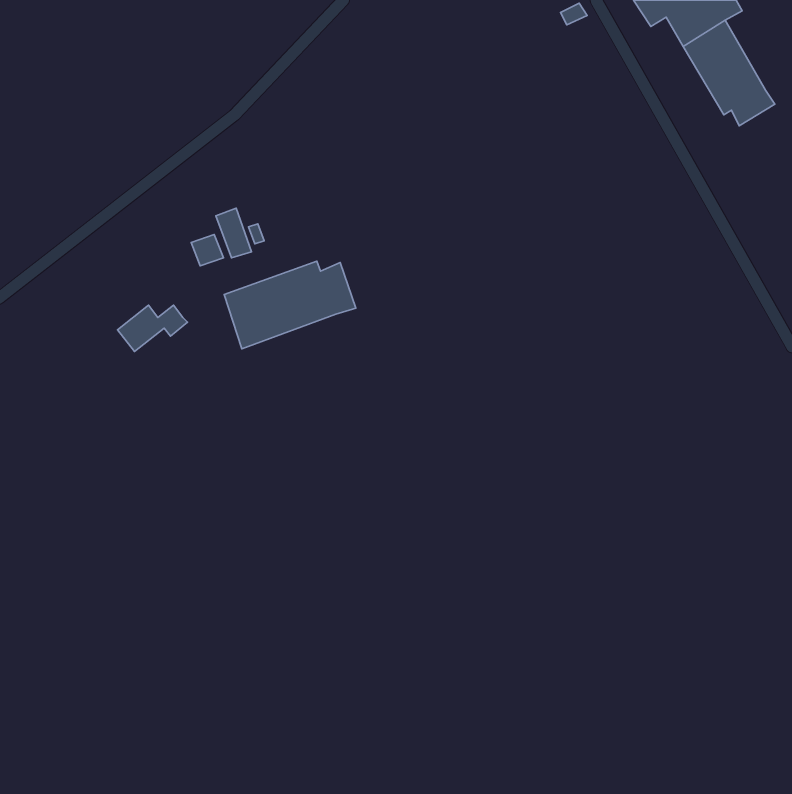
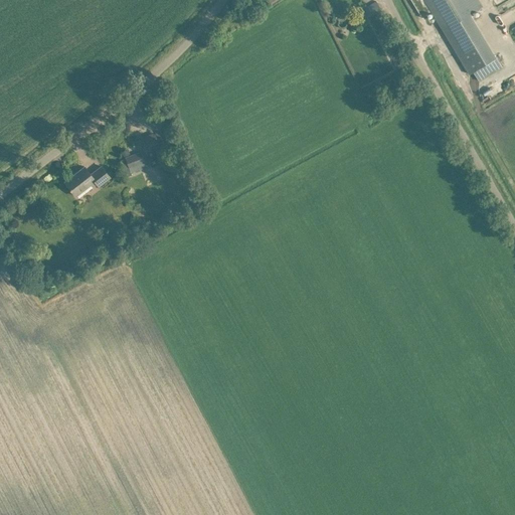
building: [224,261,356,349] -> none
building: [118,305,187,352] -> [63,166,109,196]

